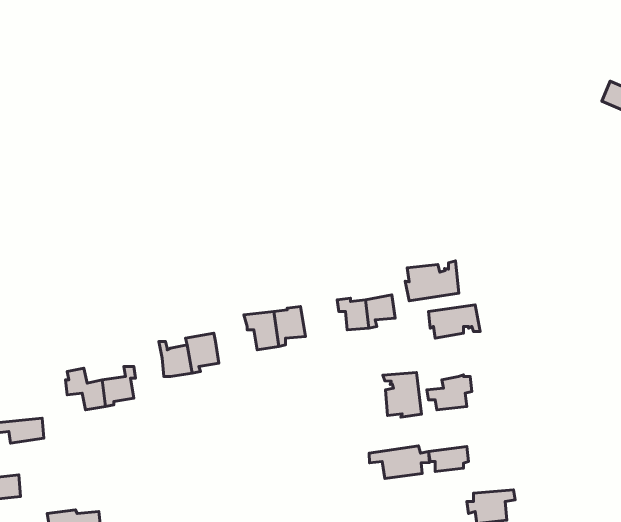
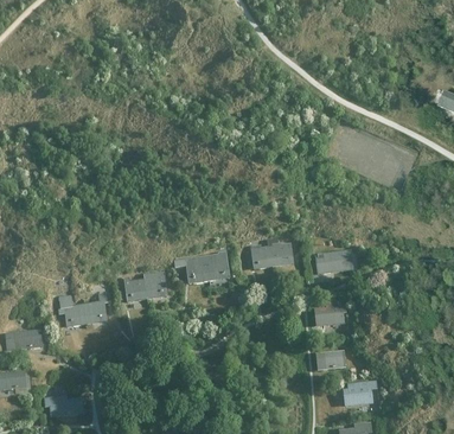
building: [405,261,459,301] -> none
building: [383,372,422,417] -> none
building: [369,446,430,478] -> none

